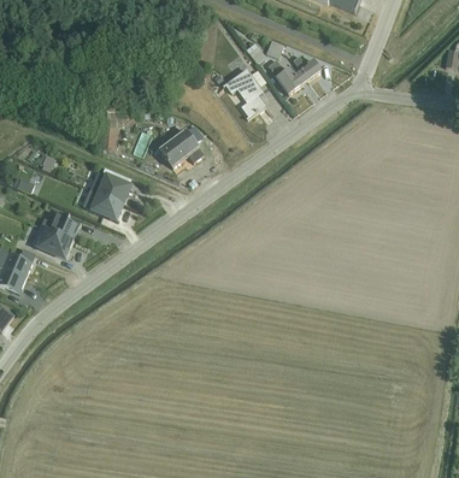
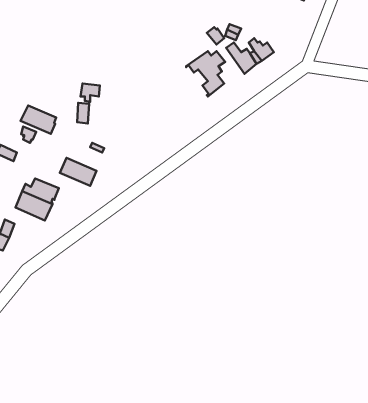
building: [158,124,204,167] -> none
building: [89,171,129,202] -> [21,106,56,134]

